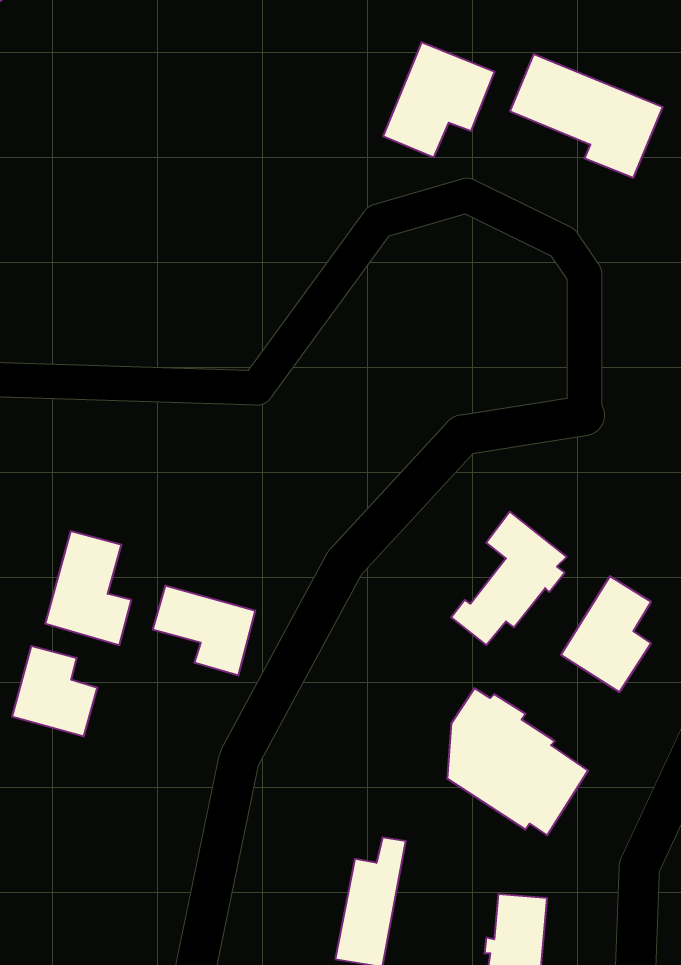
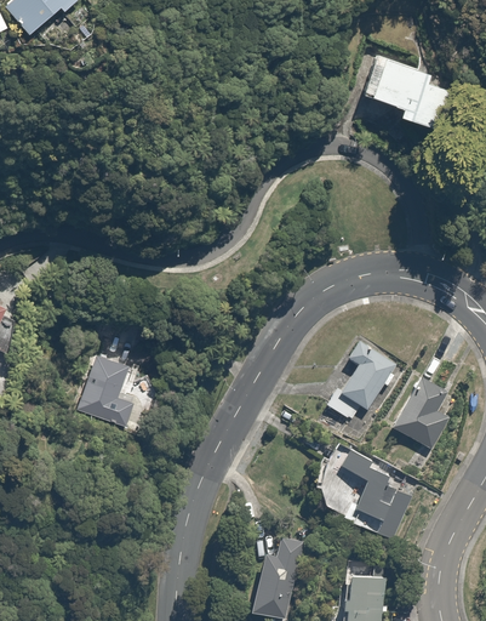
building: [383,42,494,157] -> none
building: [153,586,255,676] -> none
building: [12,646,97,737] -> none

